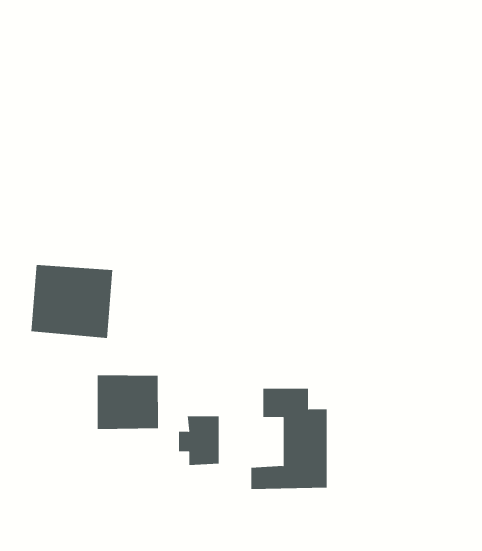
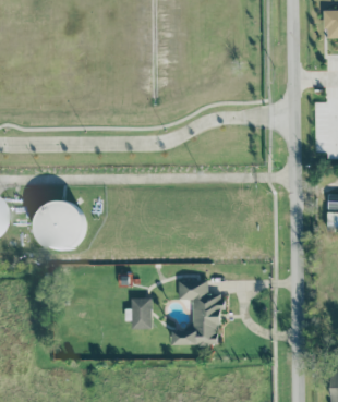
building: [97,375,158,430] -> none

